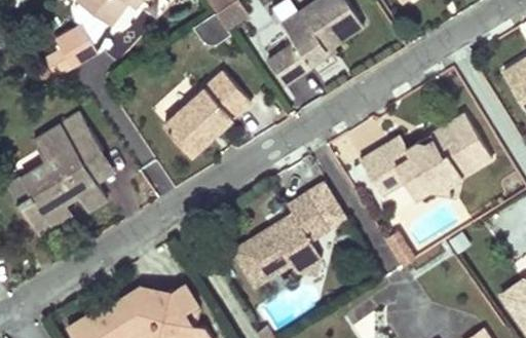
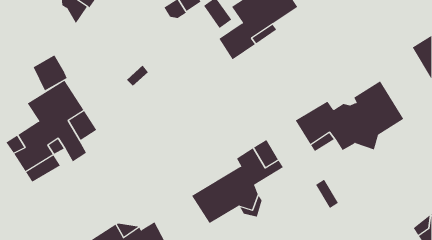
building: [54,26,97,70] -> [33,55,67,91]
building: [161,74,249,158] -> none

